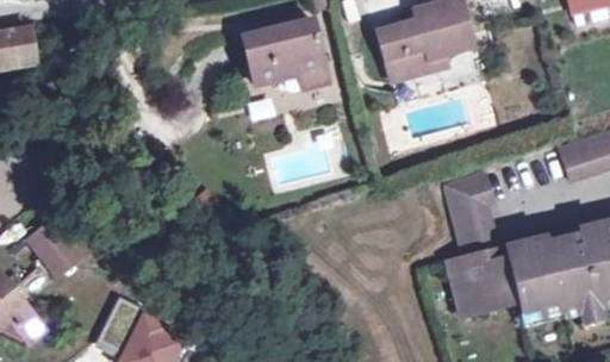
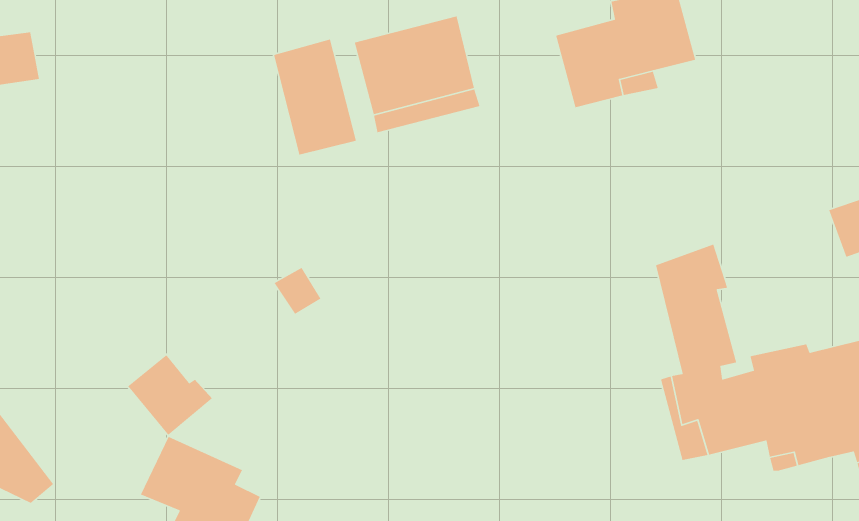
building: none -> [273,39,357,155]
building: [30,220,87,275] -> [127,354,213,436]

